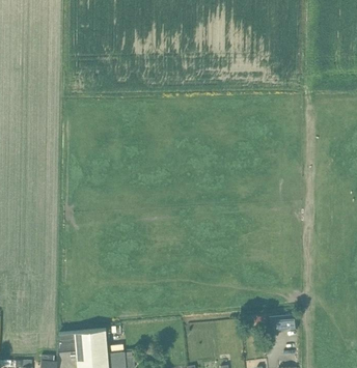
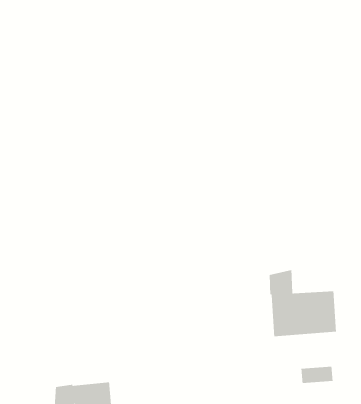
building: none -> [269,269,337,337]

